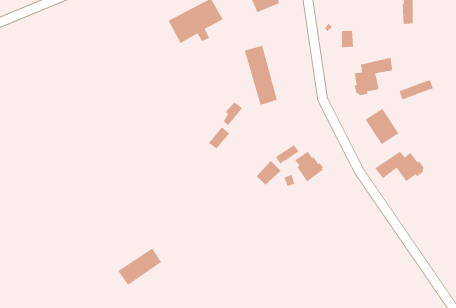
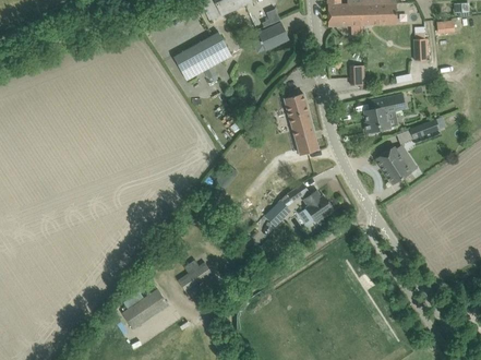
building: [244,45,278,105] -> [284,93,318,155]
building: [374,151,425,182] -> none
building: none -> [179,260,214,292]

